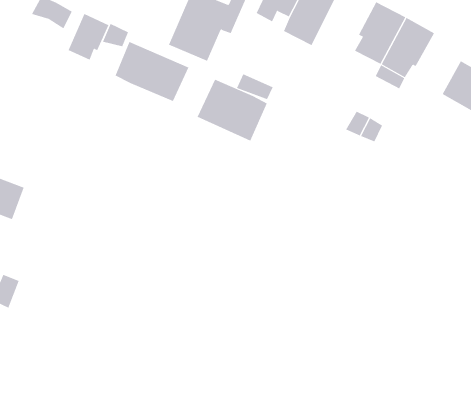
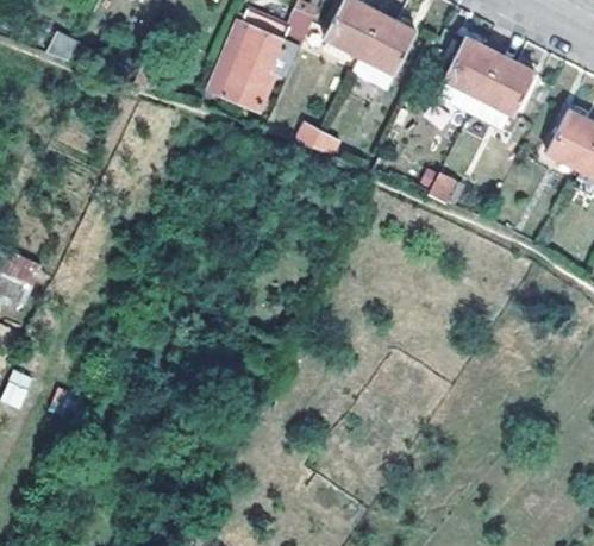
building: [68,13,109,61] -> none
building: [115,41,189,102] -> none
building: [197,79,267,141] -> none

